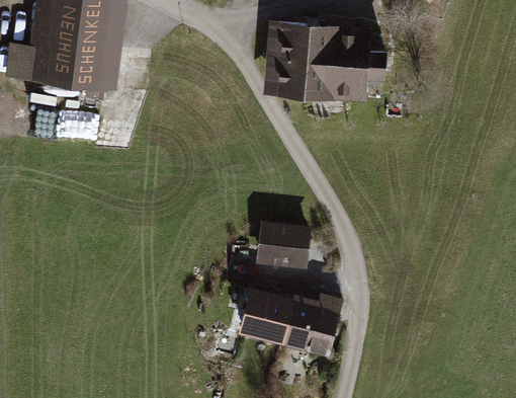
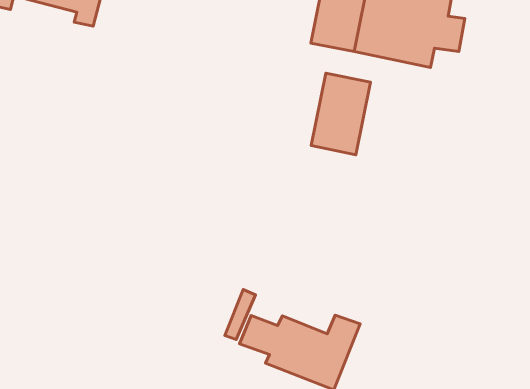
building: none -> [311,73,370,155]
building: [258,227,312,267] -> none

